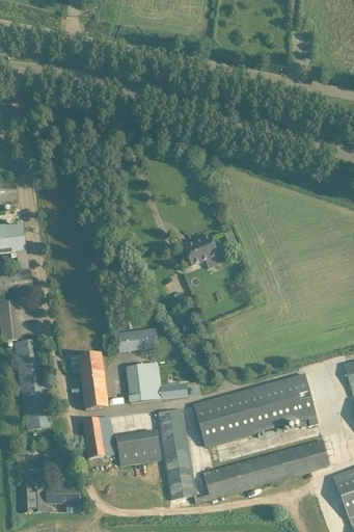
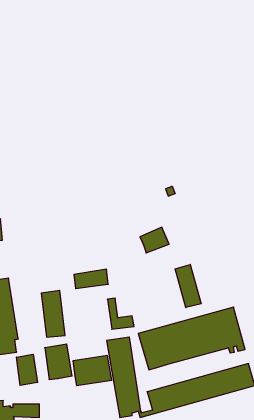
building: [184,234,218,264] -> [140,227,169,253]
building: none -> [175,264,201,308]
building: [127,362,162,402] -> none
building: none -> [17,354,38,385]

